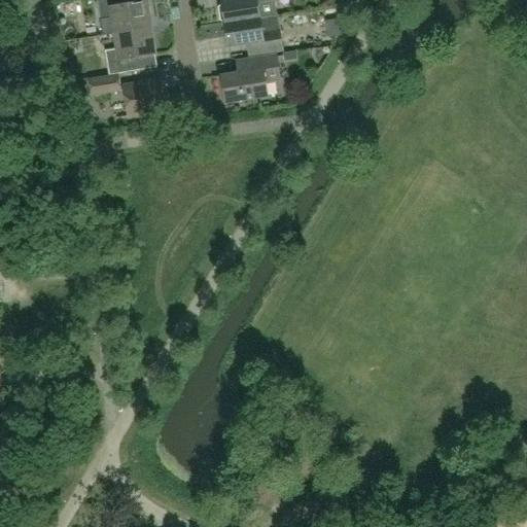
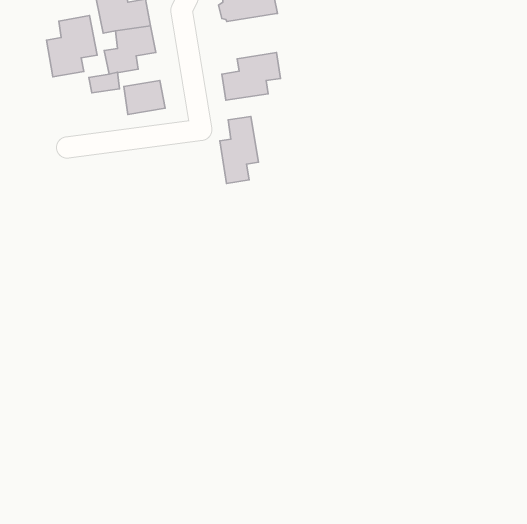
building: [226,13,282,52] -> none
building: none -> [46,16,97,77]
building: none -> [220,116,258,183]

